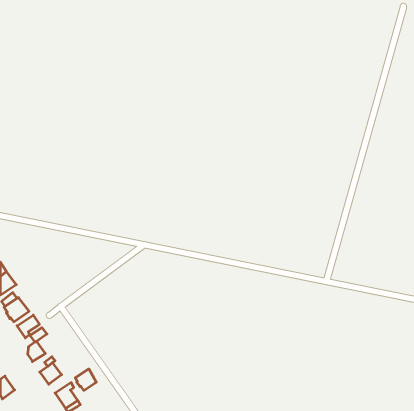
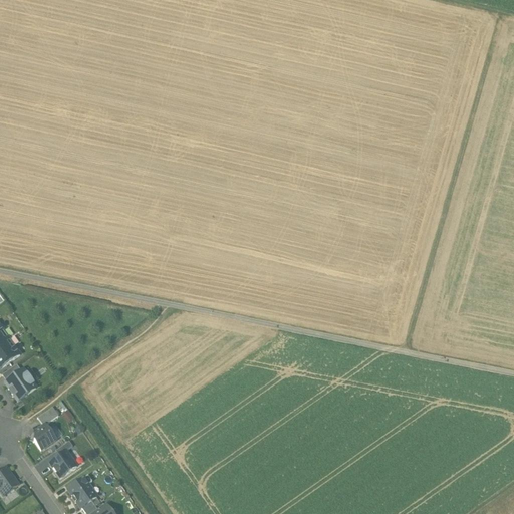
building: [17,315,39,338] -> none
building: [75,369,96,390] -> none

